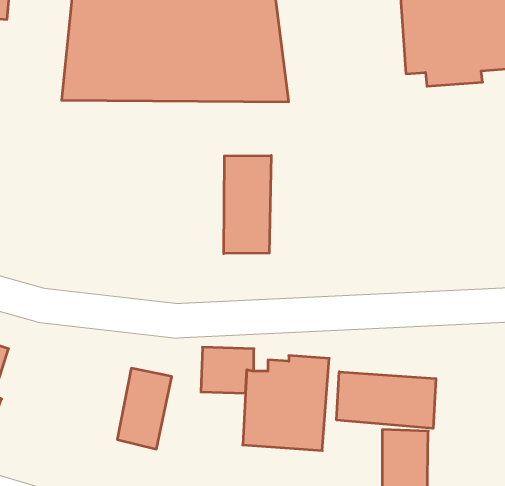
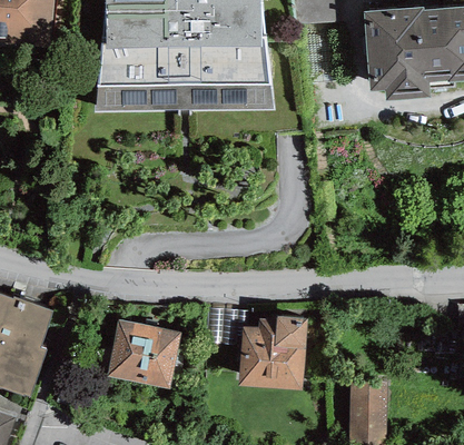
building: [224,155,271,254] -> none
building: none -> [107,318,149,380]
building: [337,372,436,428] -> none

